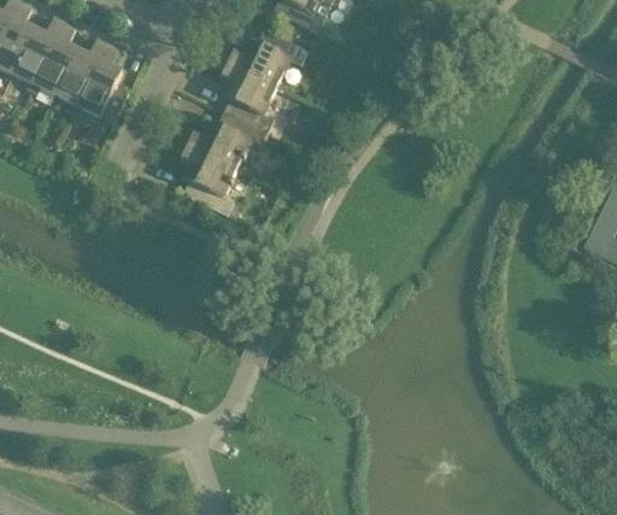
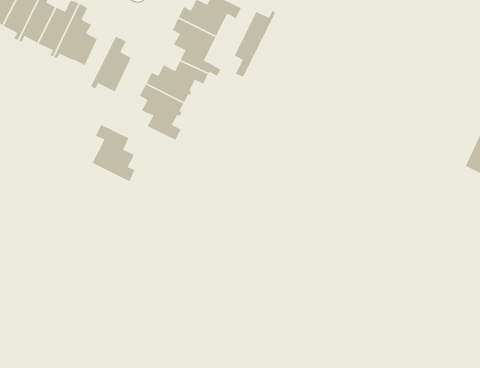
building: none -> [234,10,276,78]
building: none -> [90,36,132,92]
building: none -> [92,124,136,182]

